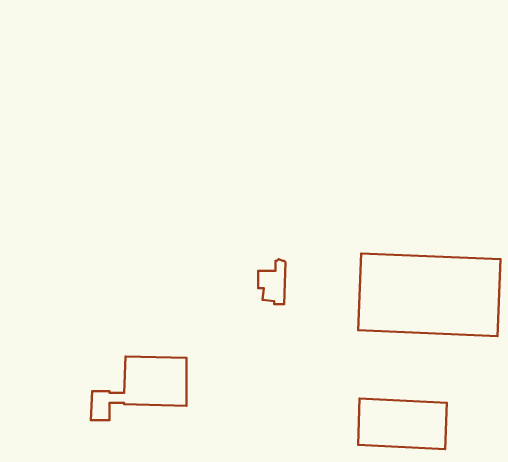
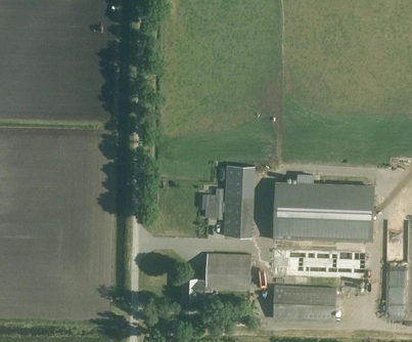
building: none -> [224,164,254,237]
building: [91,356,186,420] -> [182,253,249,298]

